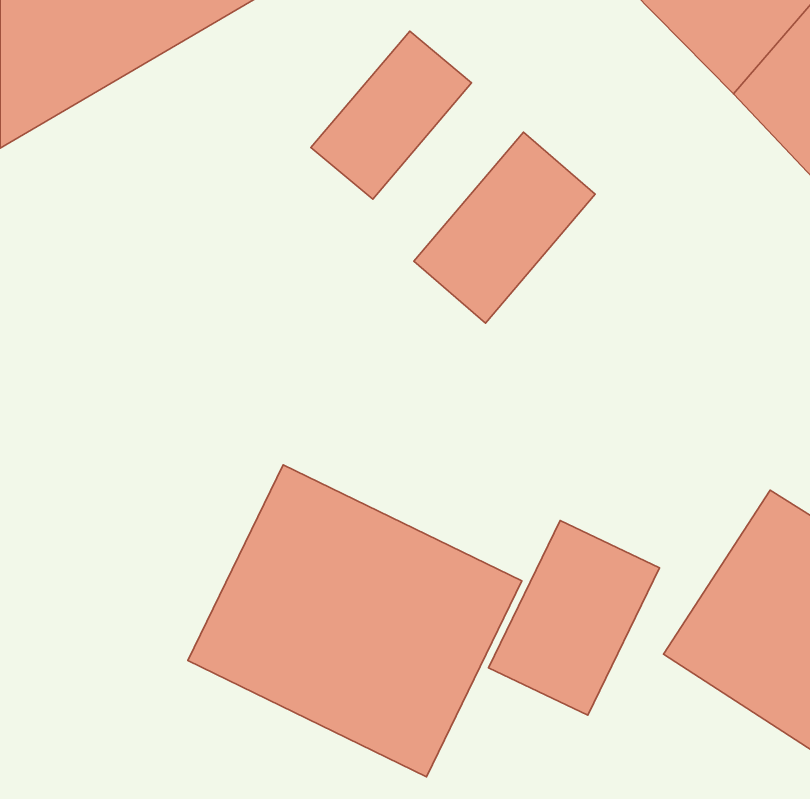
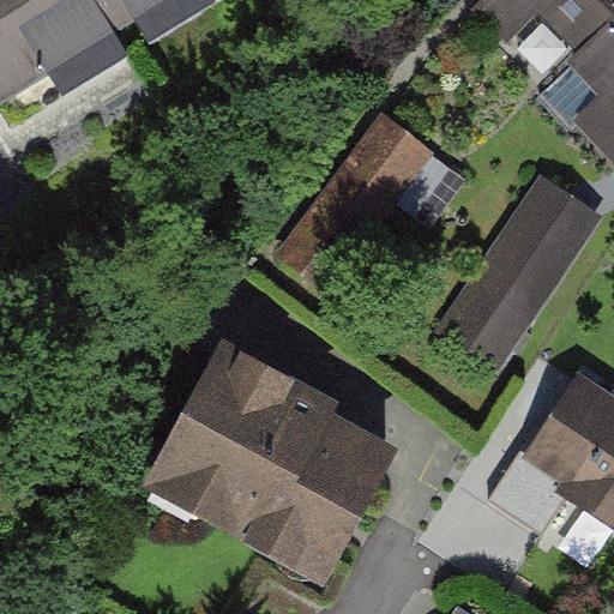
building: [311,31,472,199] -> none
building: none -> [445,161,608,355]
building: [489,520,659,715] -> none

